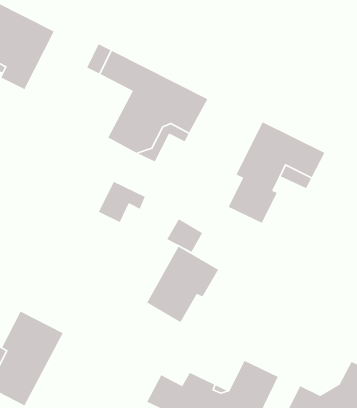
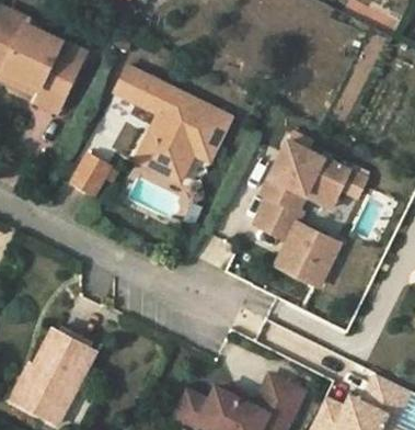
building: [98,181,146,223] -> [73,151,120,193]
building: none -> [277,228,337,286]
building: [146,246,219,323] -> none

